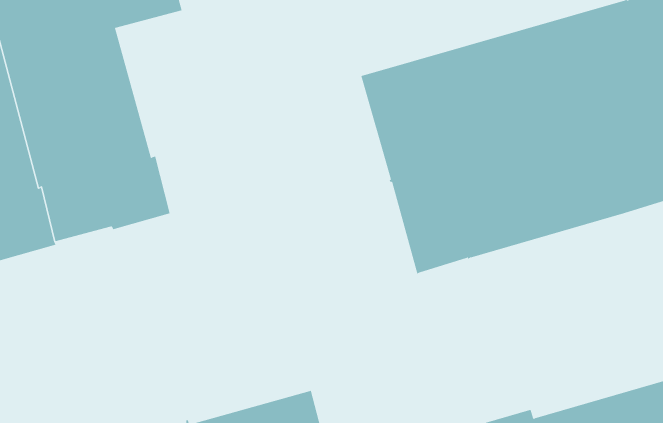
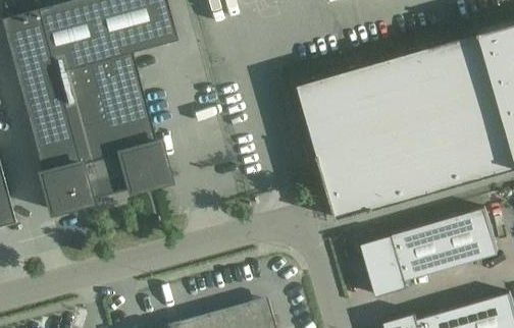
building: none -> [362,209,499,296]

